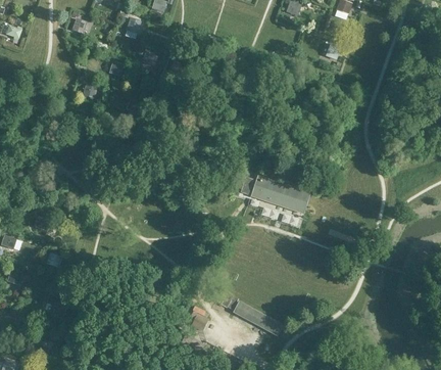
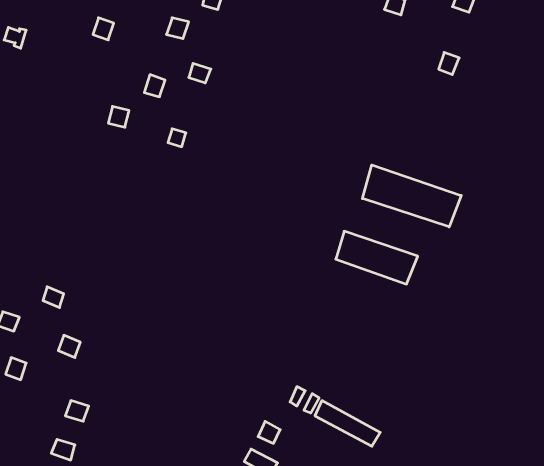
building: none -> [362,165,461,227]

